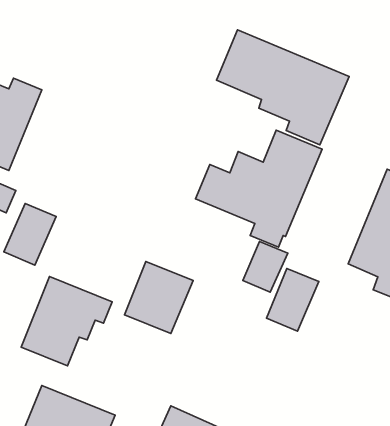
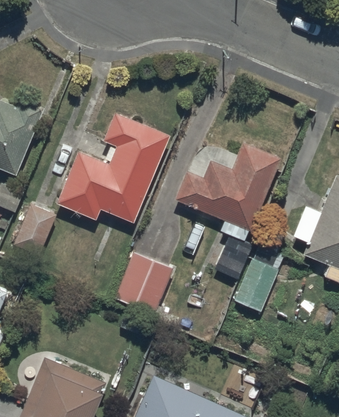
building: [217,30,349,145] -> none
building: none -> [56,113,169,223]
building: [21,276,112,366] -> none

